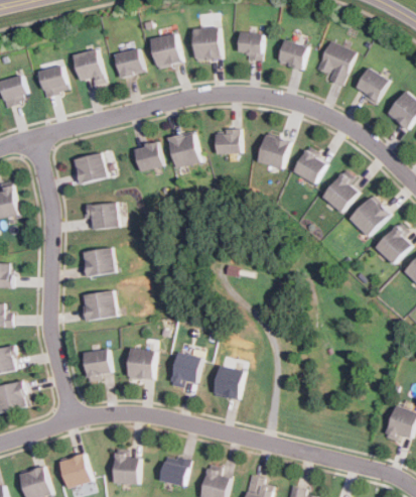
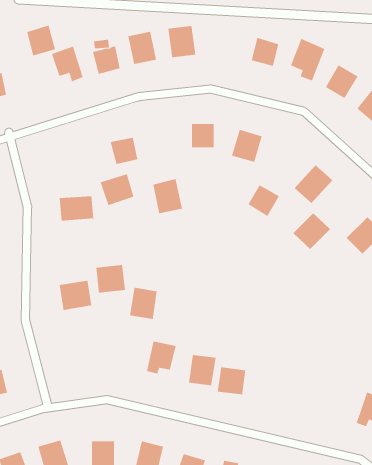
building: [238,33,261,59] -> none
building: [37,65,67,97] -> [27,25,56,56]
building: [168,131,199,167] -> [153,178,183,214]
building: [292,150,325,183] -> [247,185,280,217]
building: [70,151,105,184] -> [100,173,134,206]
building: [350,197,389,235] -> [293,213,331,250]
building: [81,247,112,276] -> [95,265,126,293]
building: [125,347,154,380] -> [129,287,157,319]
building: [82,350,109,379] -> none
building: none -> [217,366,246,395]

